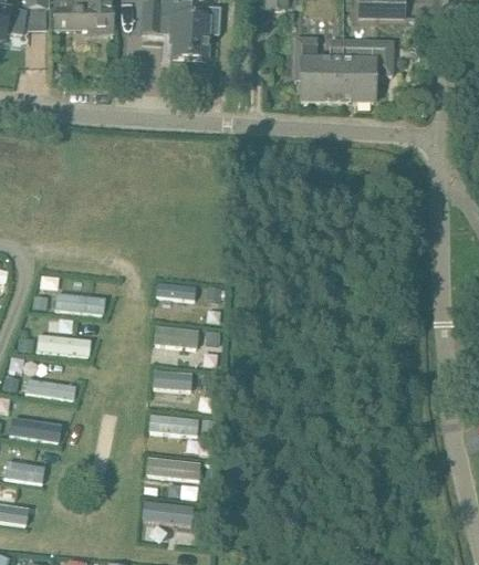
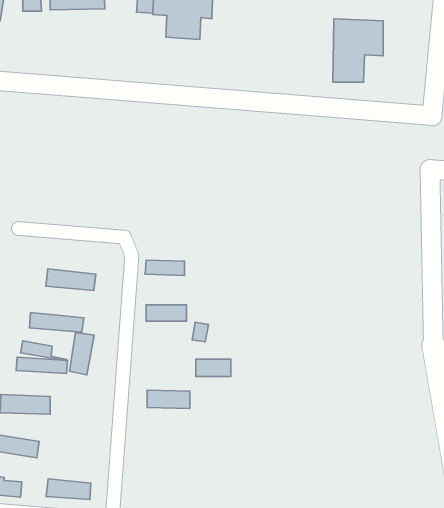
building: [295,38,344,103] -> none
building: none -> [70,332,94,375]
building: [154,370,189,388] -> [196,359,231,377]
building: [155,459,197,478] -> none
building: [137,501,183,522] -> [46,479,91,500]

